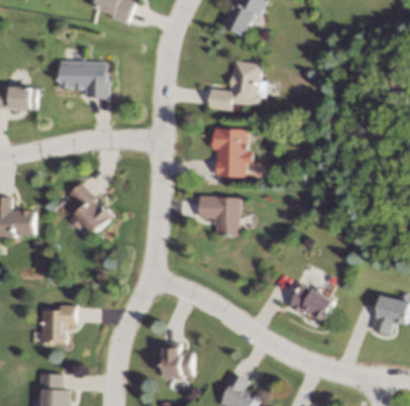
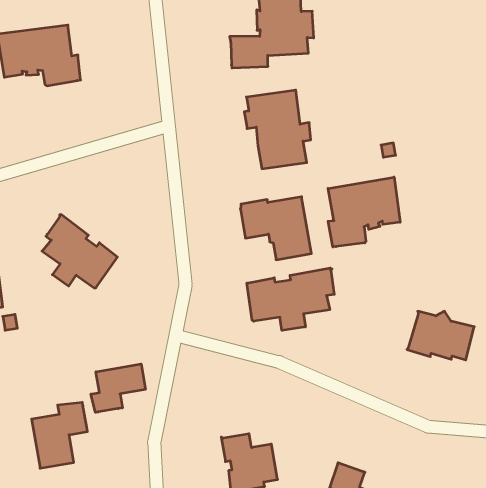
building: none -> [328,177,400,247]
building: none -> [247,268,334,330]
building: none -> [91,364,145,412]

